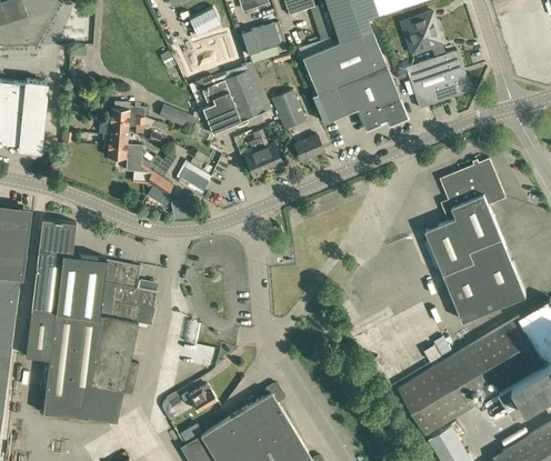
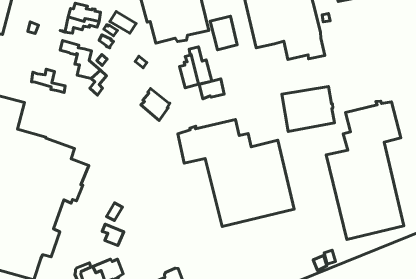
building: [405,51,470,109] -> [282,87,335,131]
building: [103,130,142,153] -> [31,69,65,93]
building: [294,136,324,161] -> [199,79,224,99]
building: [178,162,210,197] -> [141,89,170,120]
building: none -> [178,120,294,226]

